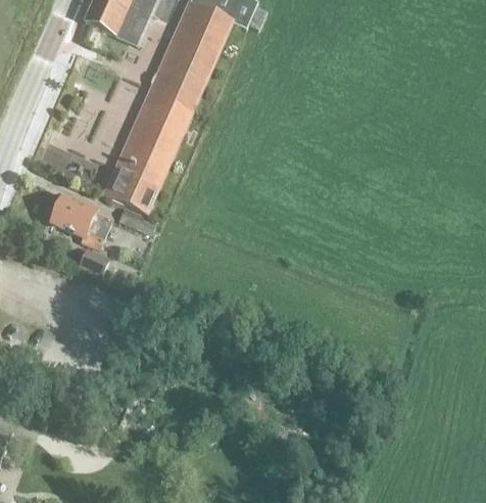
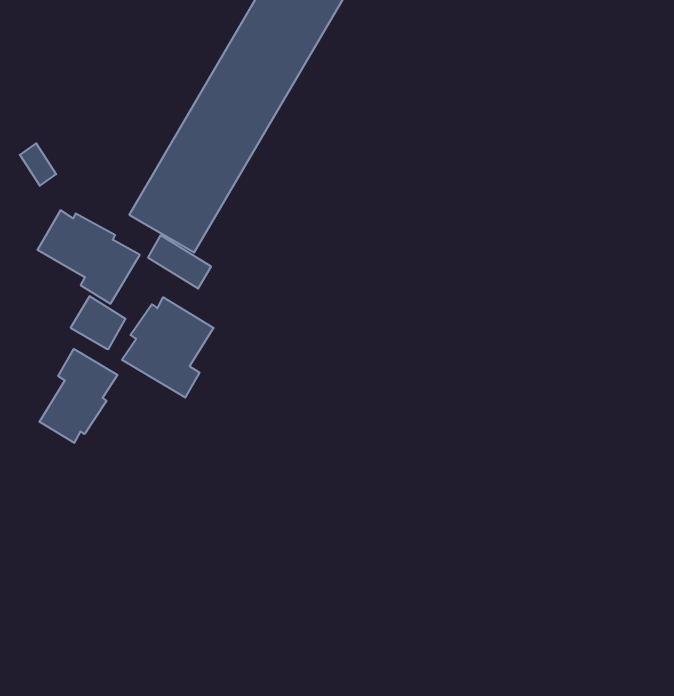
building: none -> [122,297,214,398]
building: none -> [39,349,117,443]

